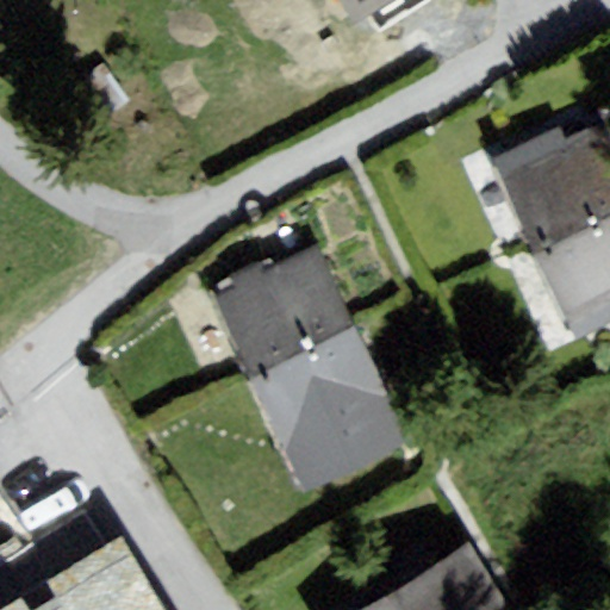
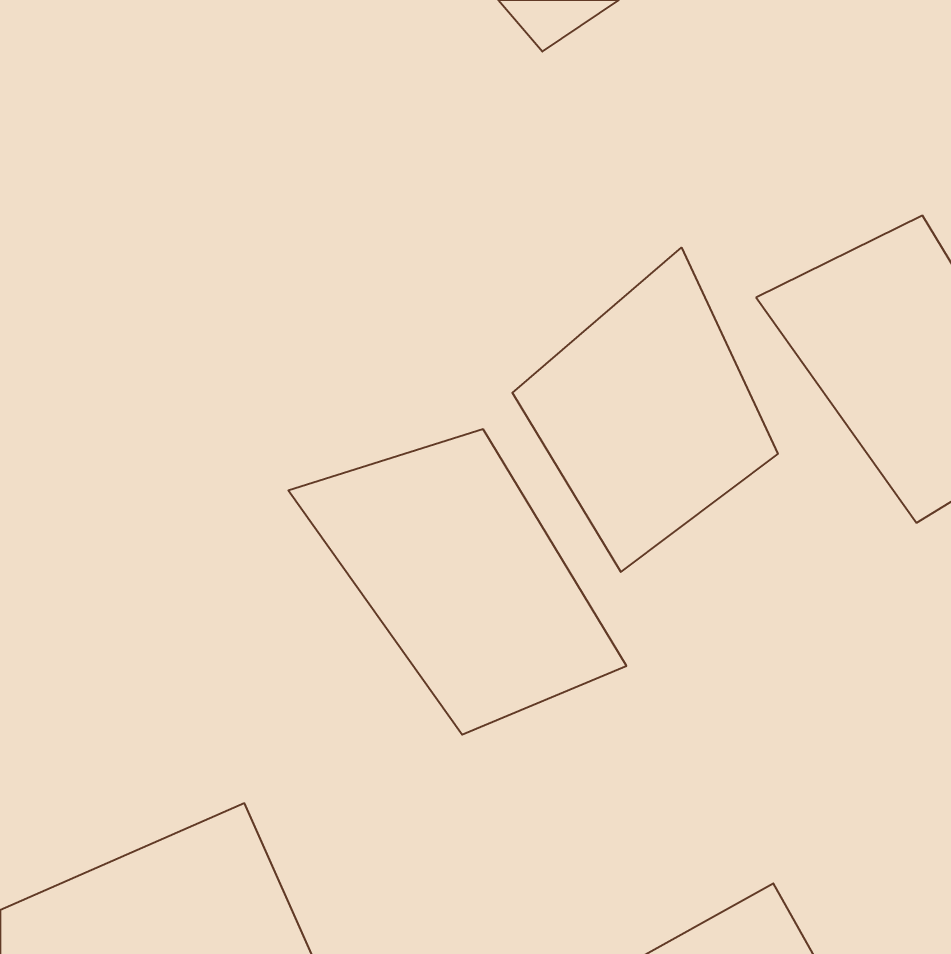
building: none -> [512,248,778,572]

